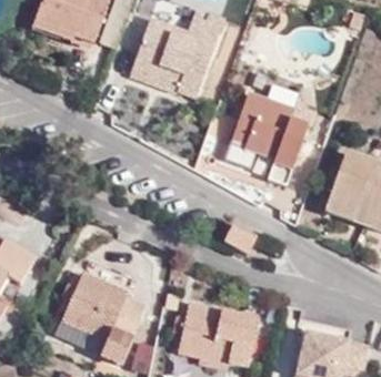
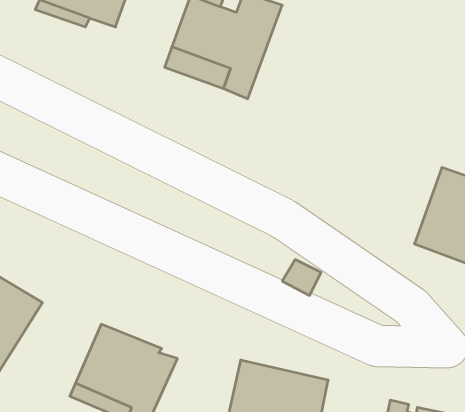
building: [229,95,310,187] -> none

